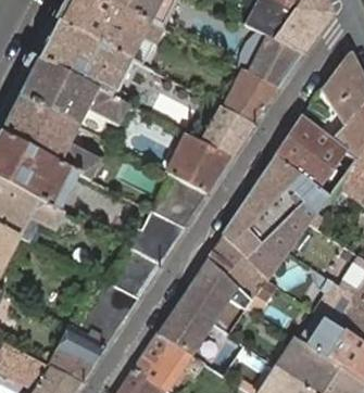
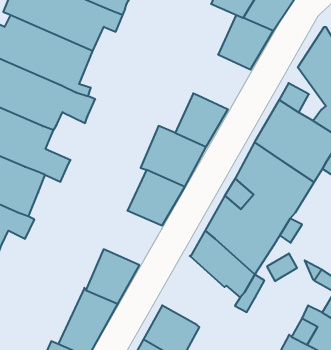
building: [226,69,277,123] -> none
building: [129,211,184,263] -> none
building: [178,257,238,322] -> none

